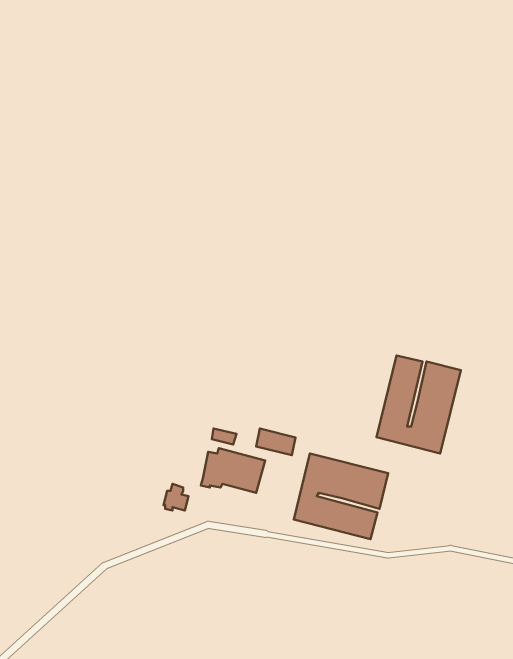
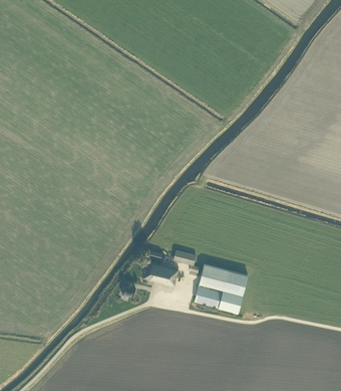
building: [376,356,461,453] -> none

